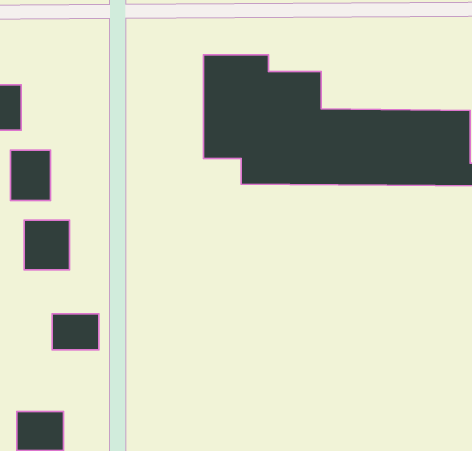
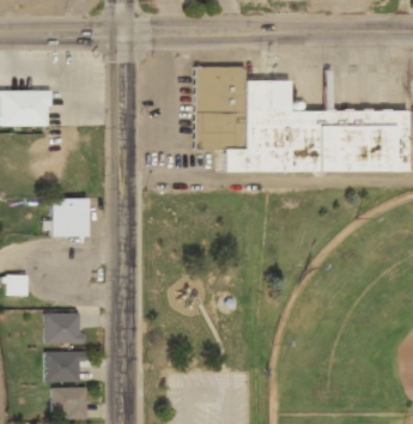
building: [10,150,51,201] -> none
building: [52,314,99,350] -> [44,314,81,343]

